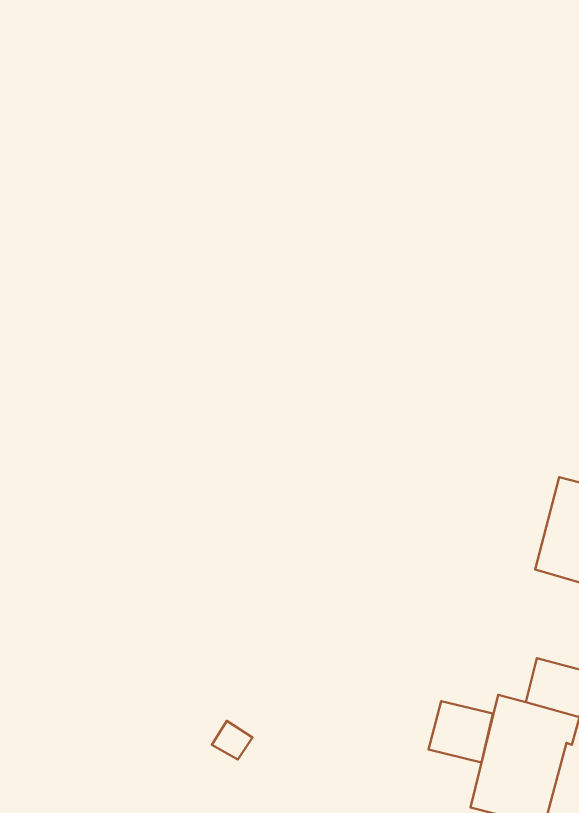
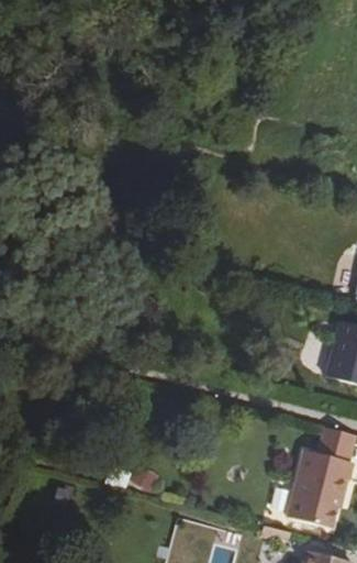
building: [428,701,493,763] -> none

